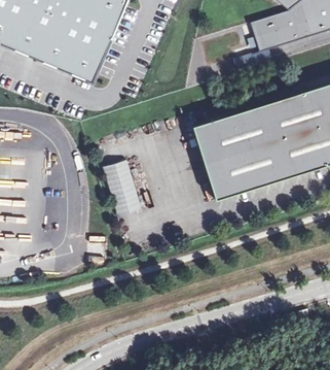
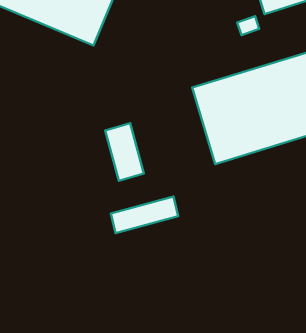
building: none -> [111,196,178,233]

